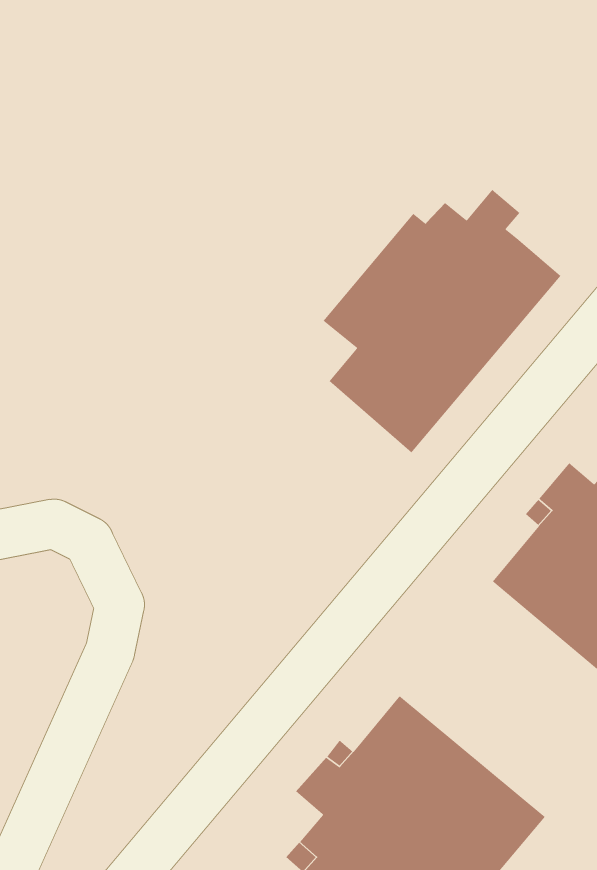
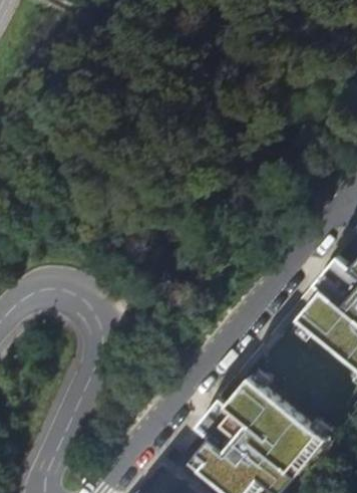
building: [323,189,561,453] -> none

